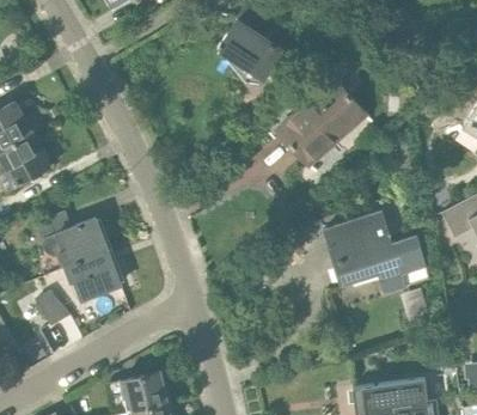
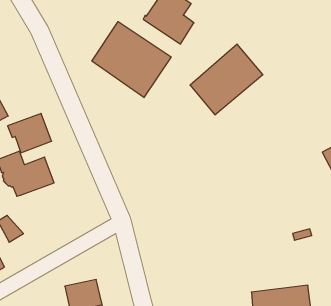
building: none -> [92,22,171,98]
building: [324,212,429,294] -> none
building: [66,251,121,300] -> [8,113,52,153]

